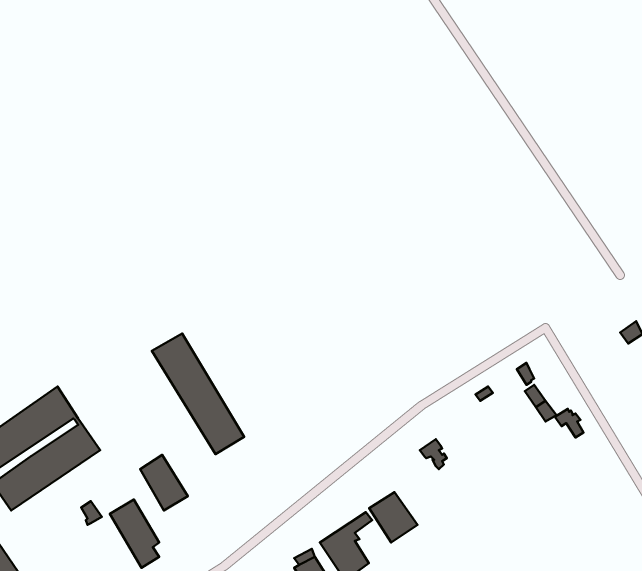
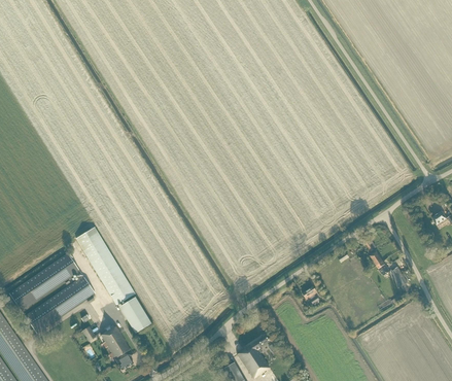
building: [152,333,244,454] -> [74,227,134,305]
building: [369,492,417,542] -> none

